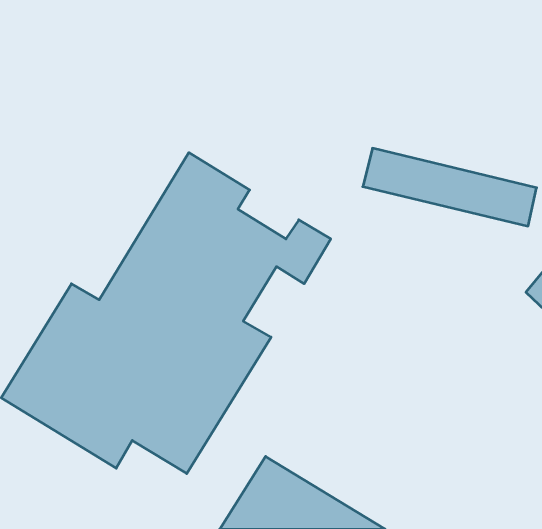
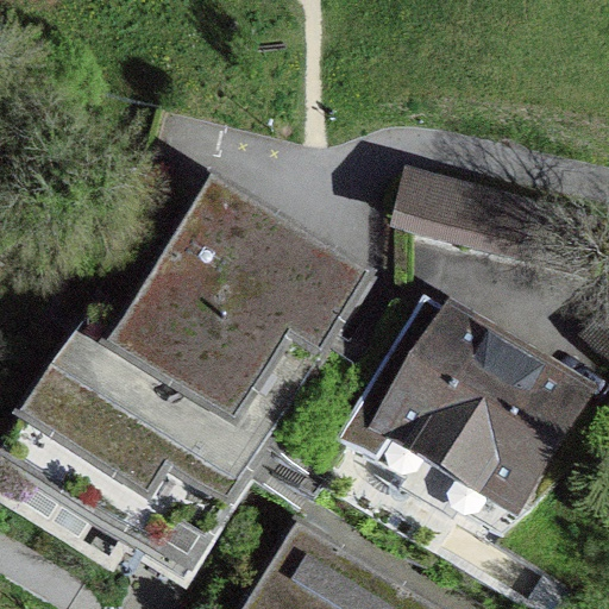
building: none -> [346,310,578,516]

